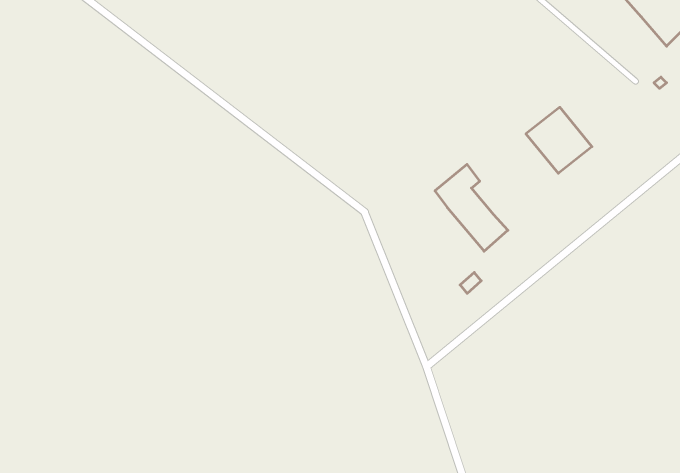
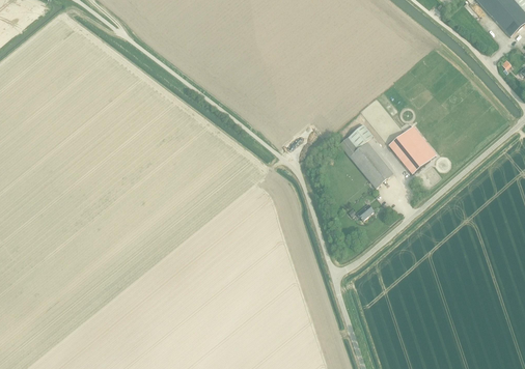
building: [526,107,592,173] -> [387,124,436,173]

